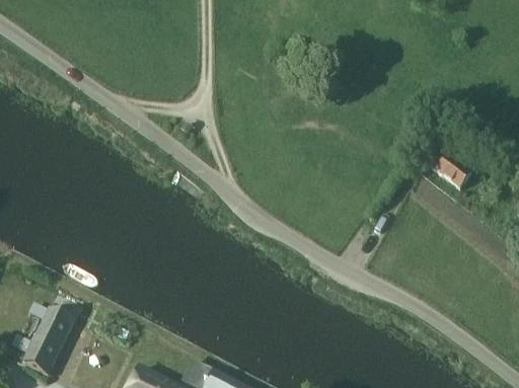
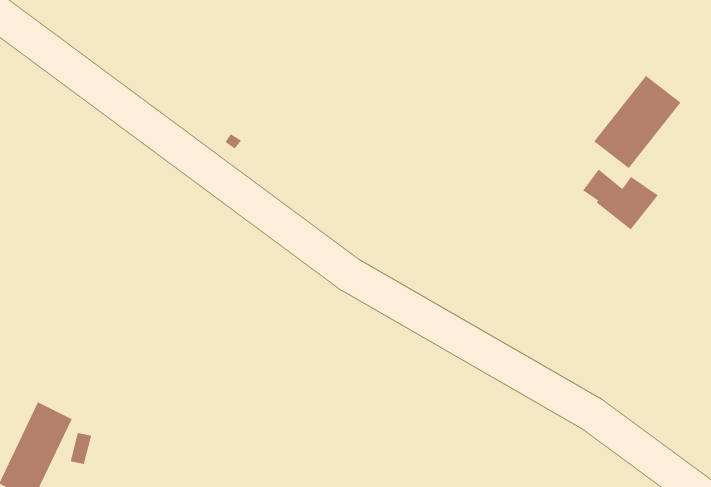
building: none -> [593,75,681,169]

